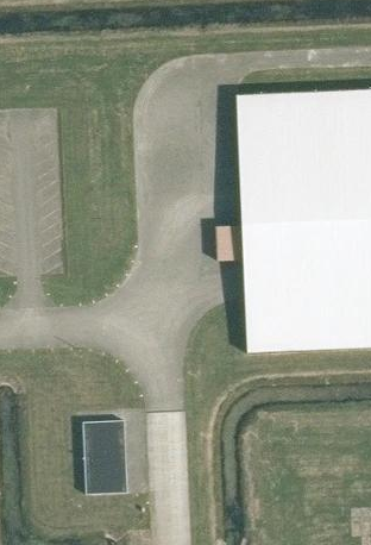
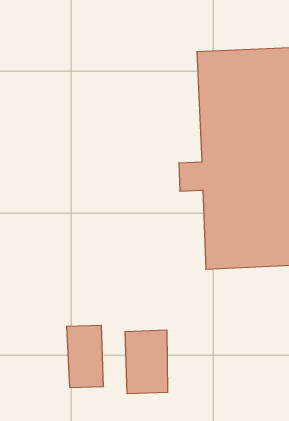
building: none -> [125,330,168,394]

